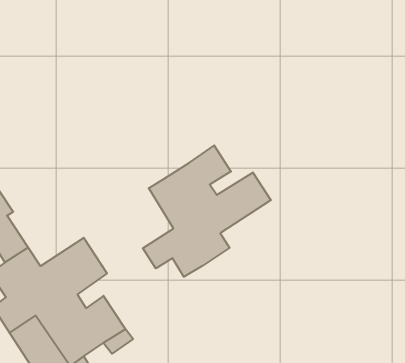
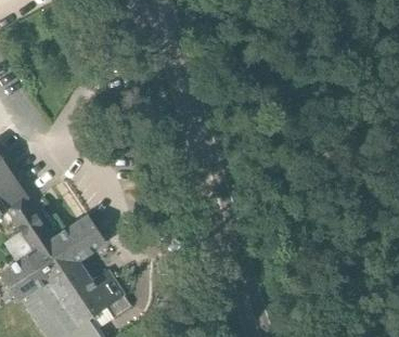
building: [143,145,271,277] -> none

